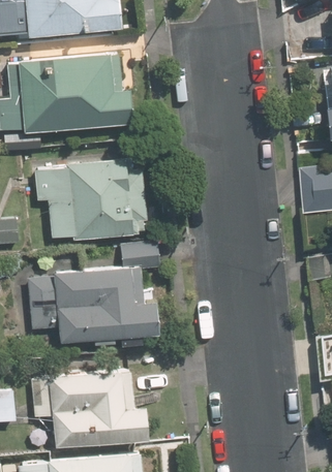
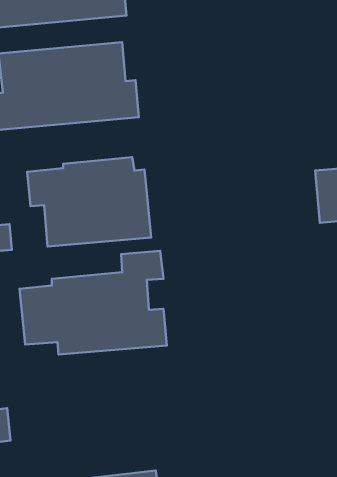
building: [29,367,151,447] -> none

